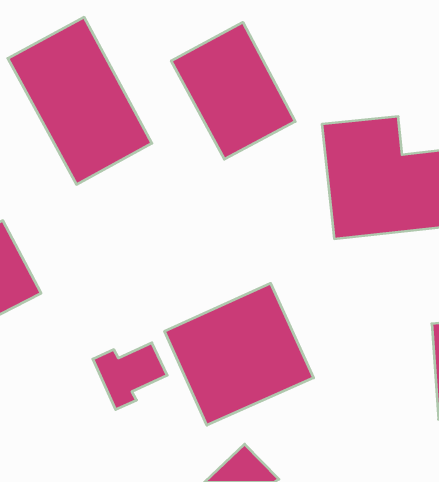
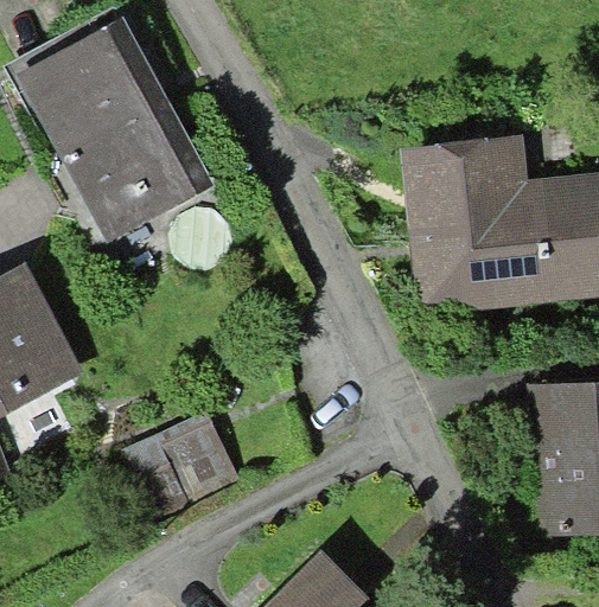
building: [171,22,295,159] -> none
building: [165,283,314,425] -> none

